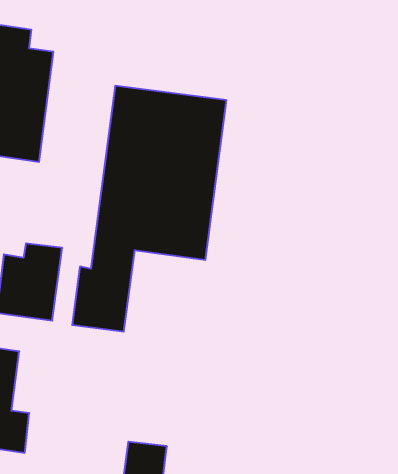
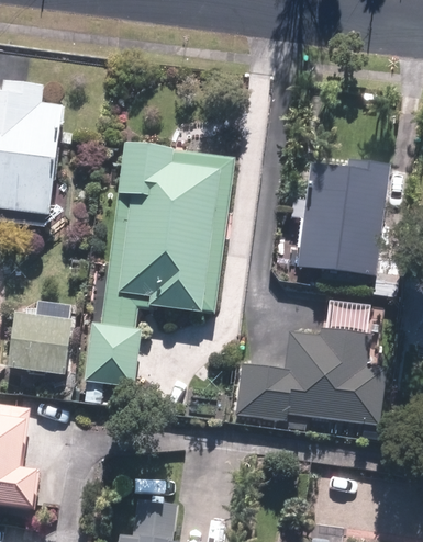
building: none -> [291,159,388,278]
building: none -> [234,323,385,425]

